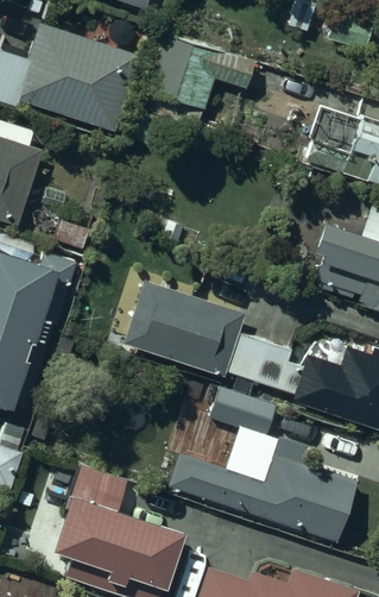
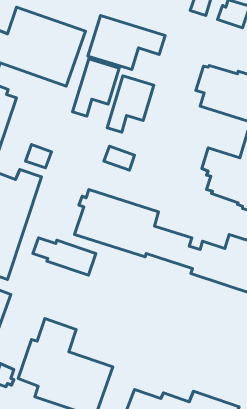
building: none -> [73,59,119,116]
building: none -> [107,76,154,132]
building: [188,382,278,435] -> [33,238,96,275]
building: [169,435,354,540] -> none

